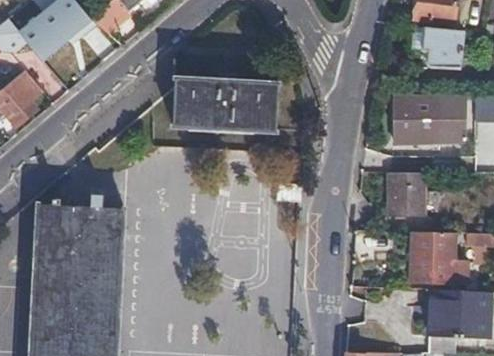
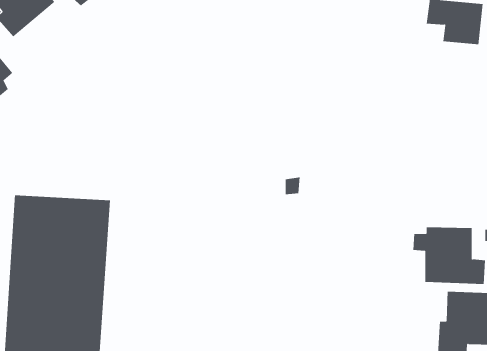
building: [170,78,278,132] -> none
building: [393,99,463,143] -> none
building: [387,172,423,216] -> none

